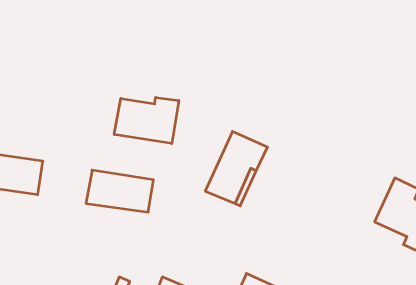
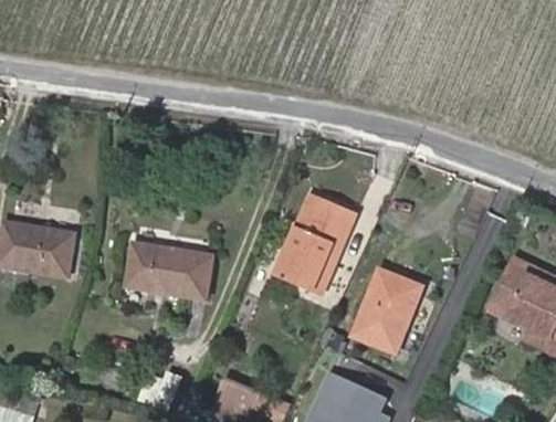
building: [114,97,179,144] -> none
building: none -> [355,271,422,352]

